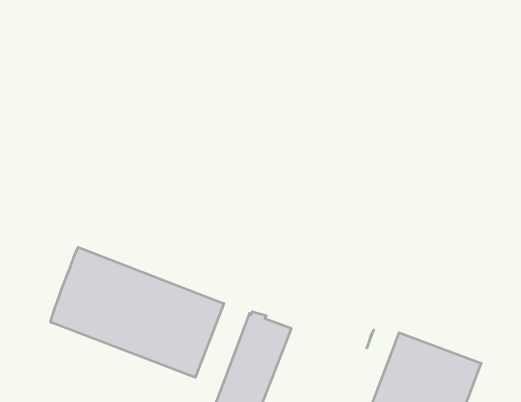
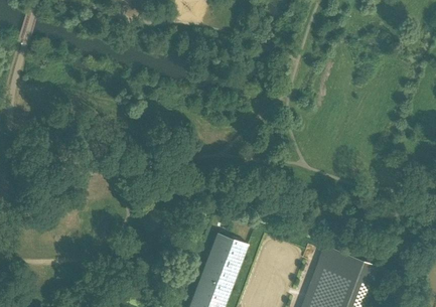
building: [51,247,224,377] -> none

